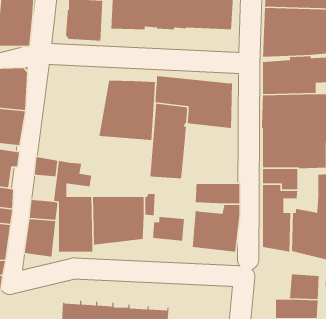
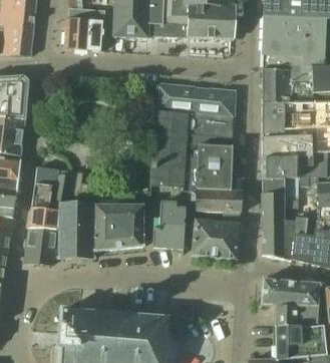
building: [98,80,156,141] -> none
building: none -> [189,144,233,191]
building: none -> [32,183,57,209]
building: none -> [159,202,187,226]
building: none -> [261,279,292,306]

